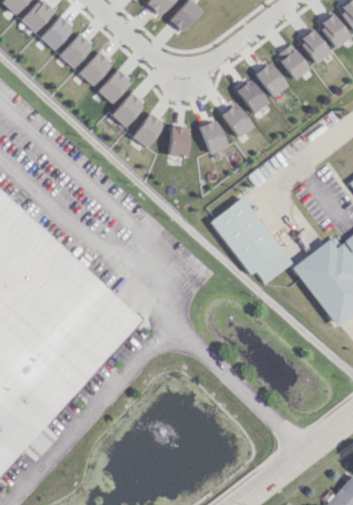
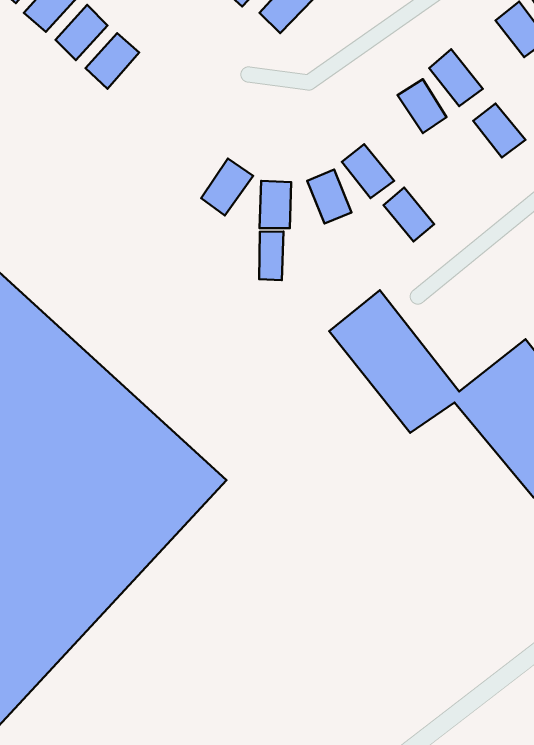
building: [297,30,330,64] -> [473,104,525,157]
building: [77,52,111,86] -> none
building: [96,70,130,104] -> none
building: [235,80,267,114] -> [384,188,434,241]
building: [110,93,144,127] -> none
building: none -> [259,232,284,280]

